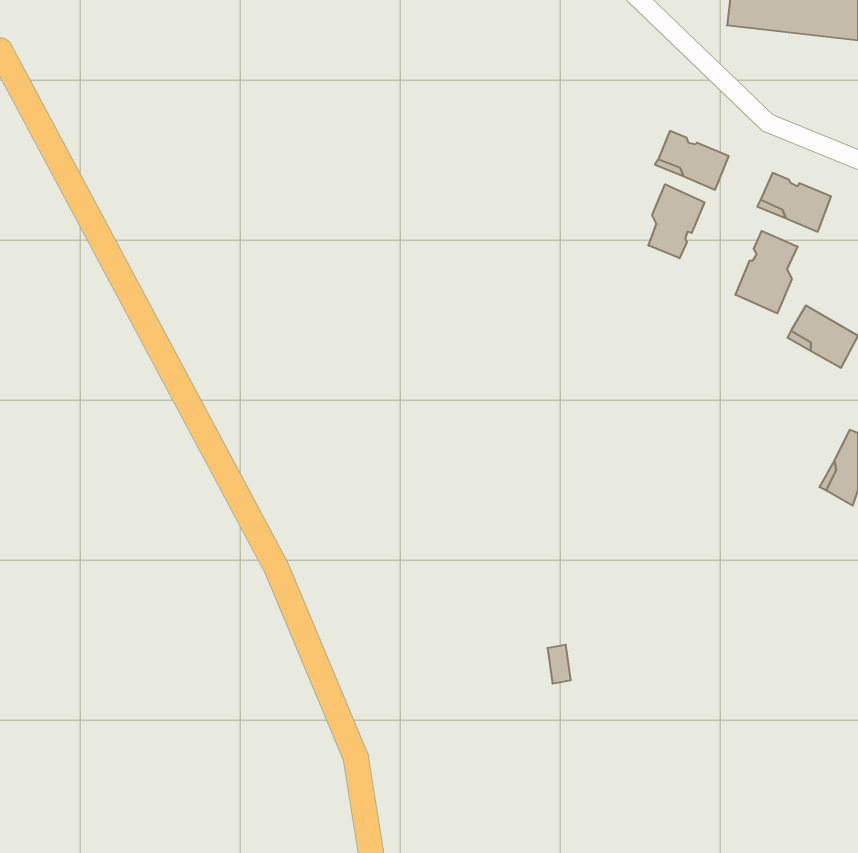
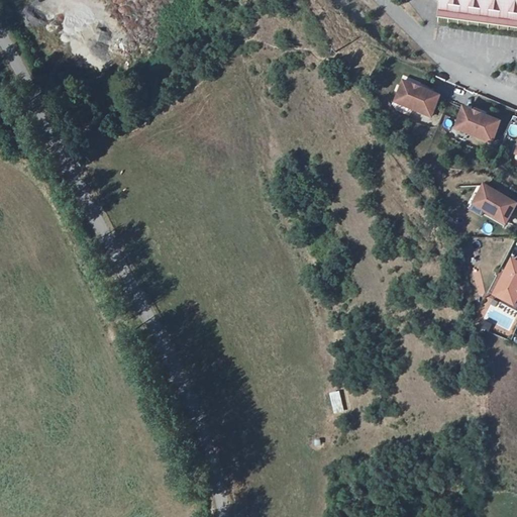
building: [648,184,705,258] -> none
building: [735,231,798,313] -> none

